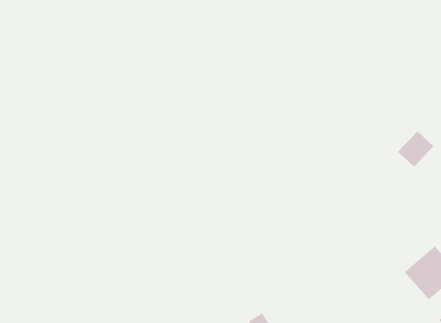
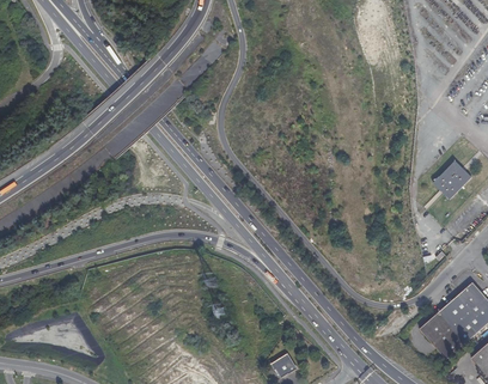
building: none -> [420,312,465,359]

